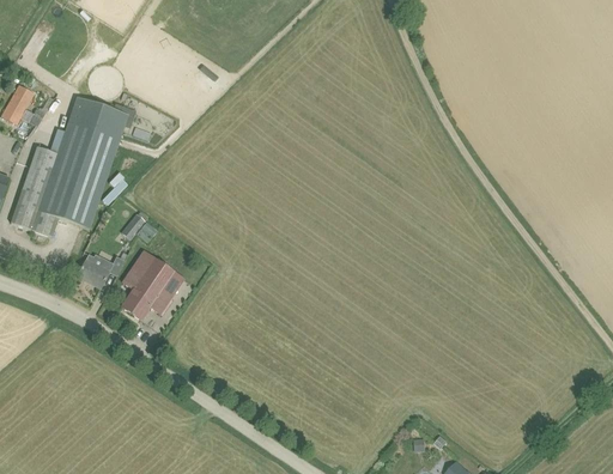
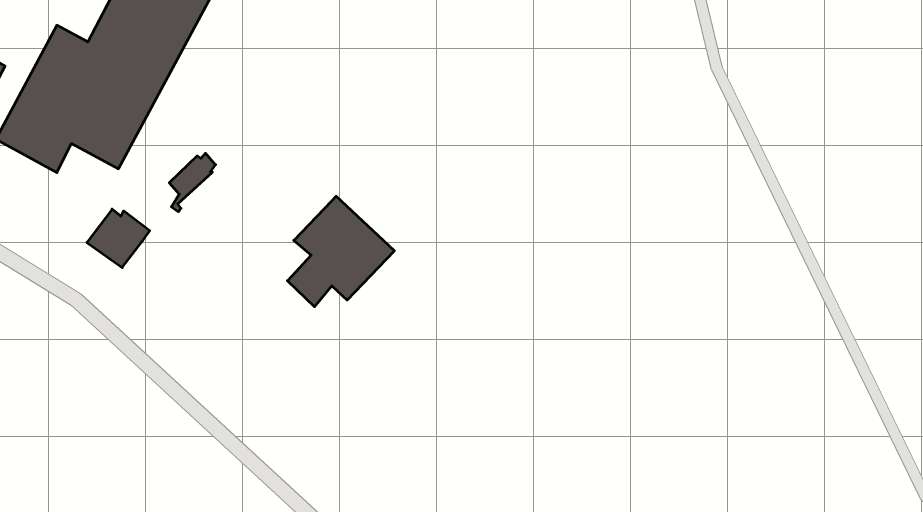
building: [122,250,184,320] -> [287,196,394,307]

